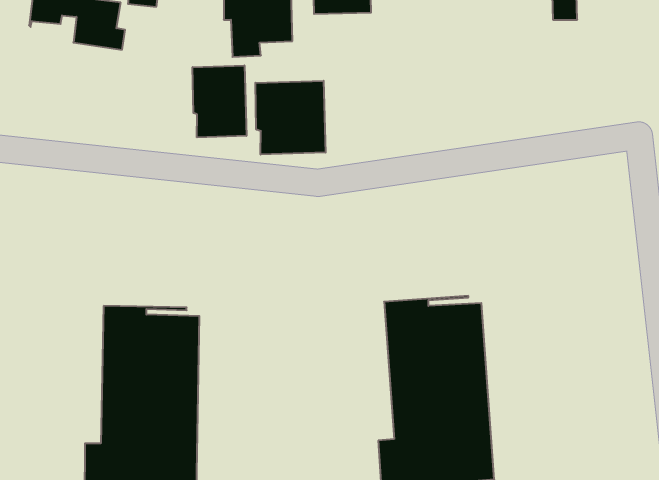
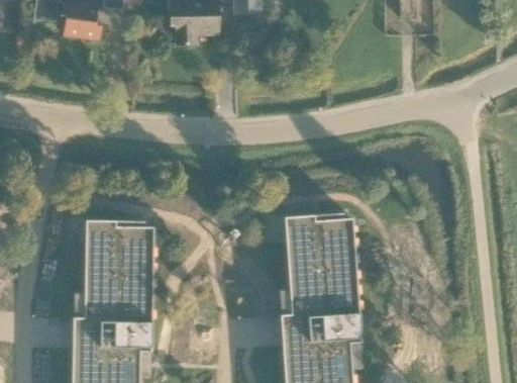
building: [193,65,246,137] -> none
building: [255,81,326,155] -> none

